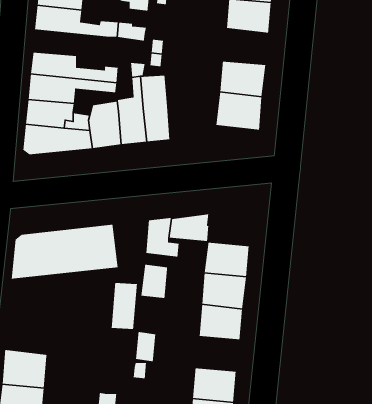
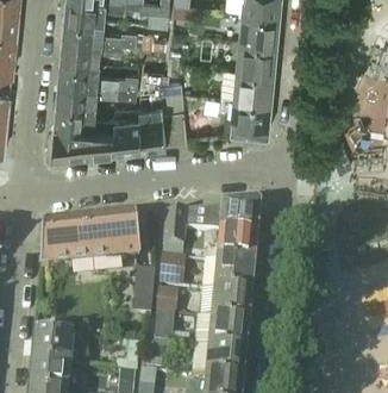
building: none -> [233,38,276,71]
building: none -> [60,39,130,63]
building: none -> [220,204,261,238]
building: none -> [208,322,250,354]

